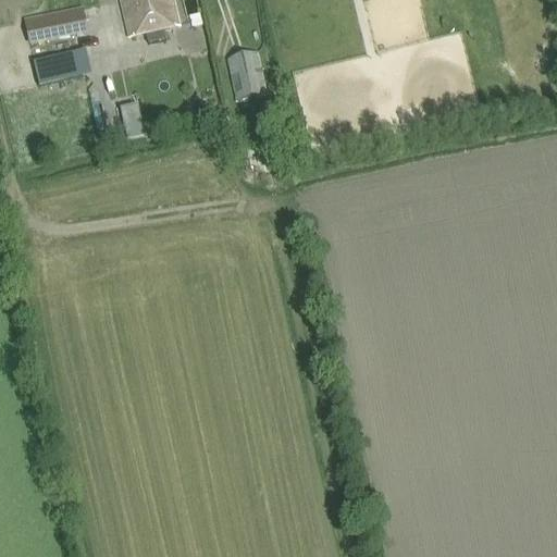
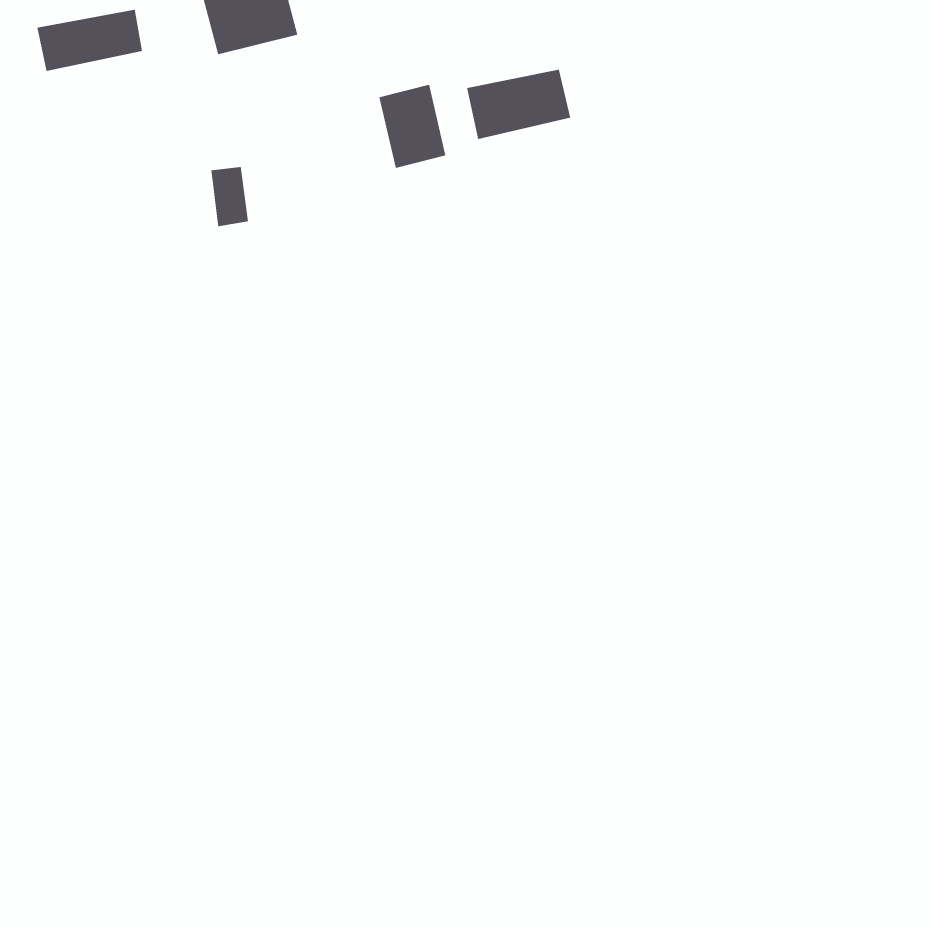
building: none -> [467,69,571,140]
building: [33,50,82,85] -> none

